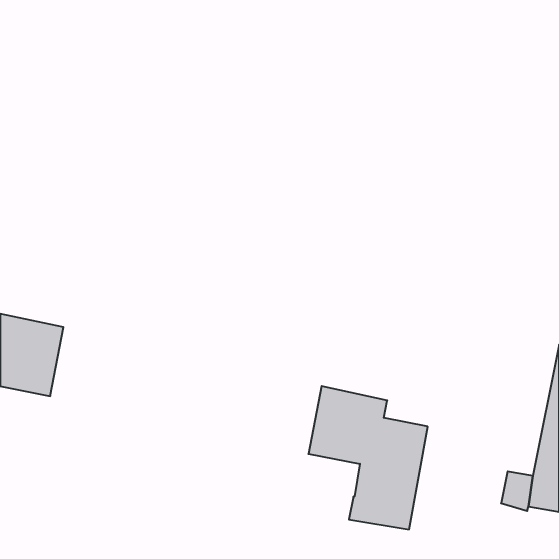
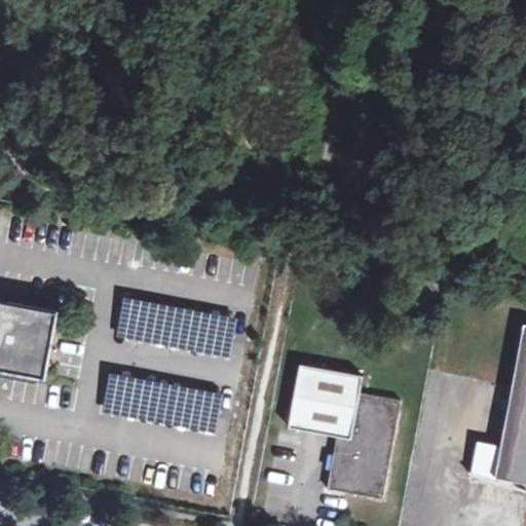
building: none -> [117,297,238,358]
building: none -> [100,373,221,434]

